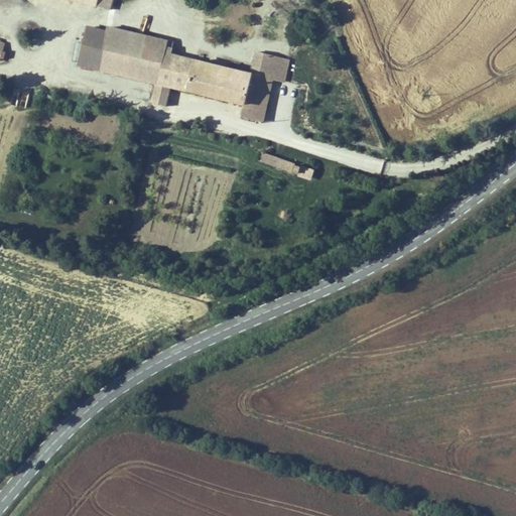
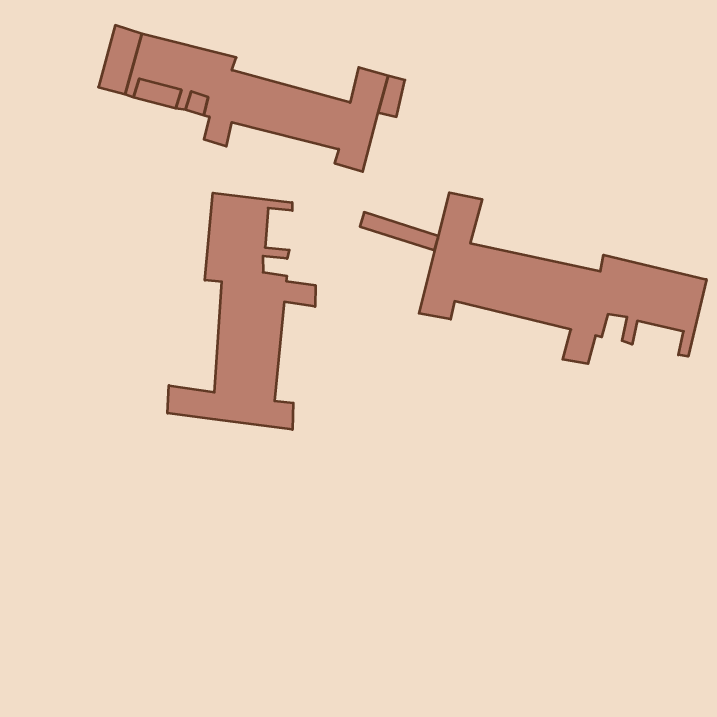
building: none -> [419,193,706,364]
building: none -> [168,193,315,430]

